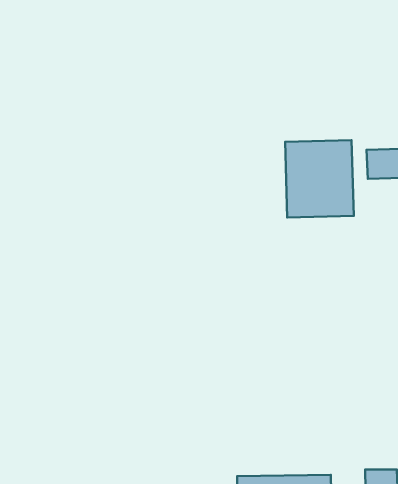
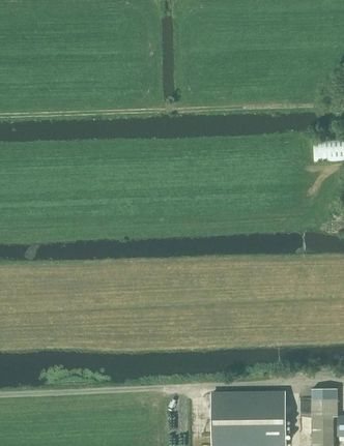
building: [285,140,354,217] -> none

